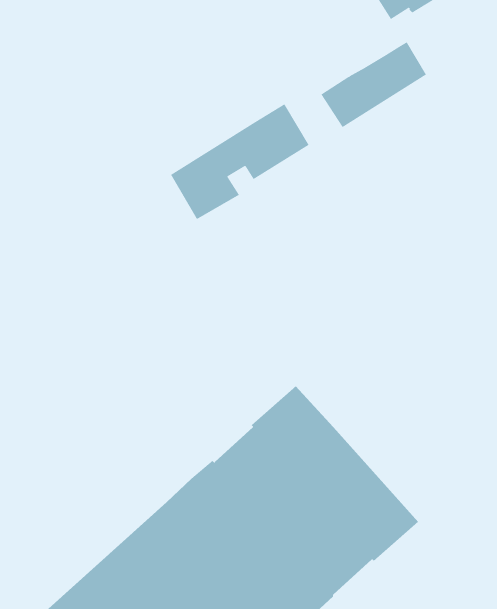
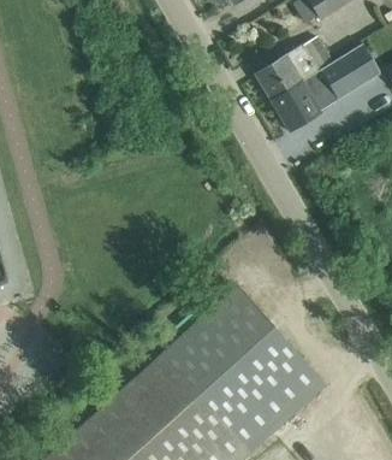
building: [170,103,310,220] -> [271,48,372,132]

